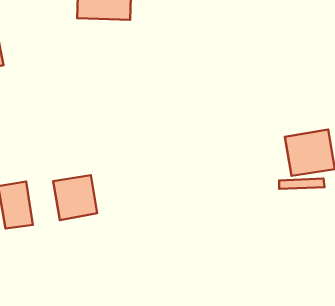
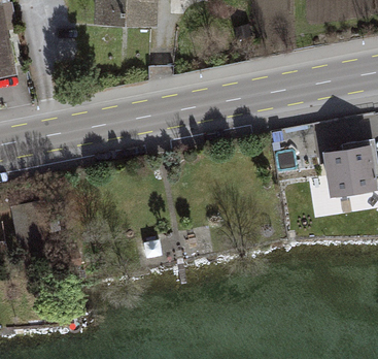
building: [53,175,97,220] -> none

